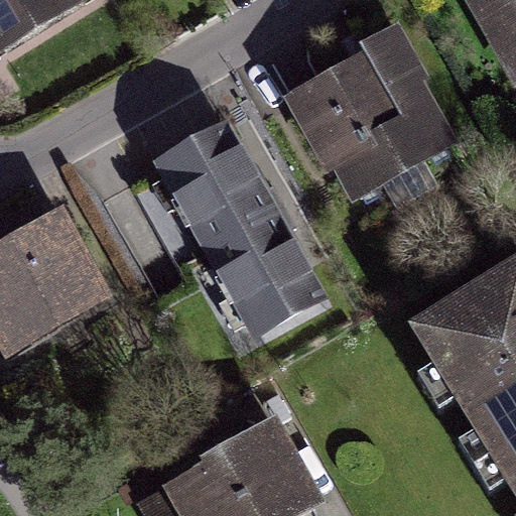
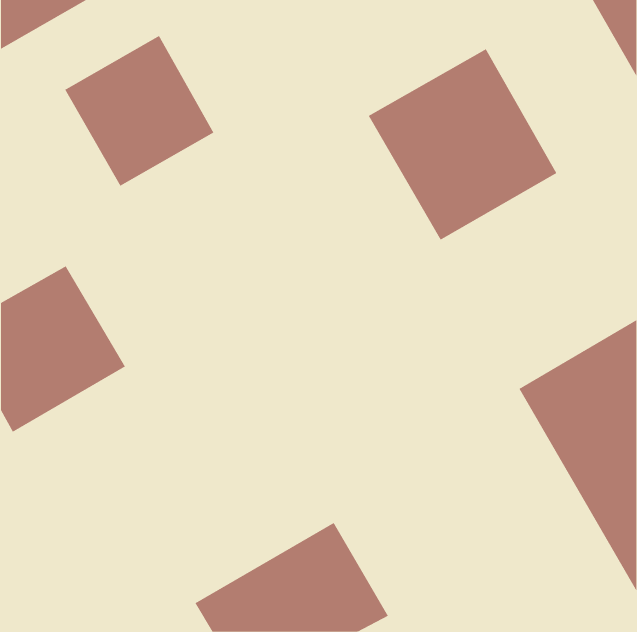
building: none -> [65,35,214,186]
building: [130,122,320,332] -> none

